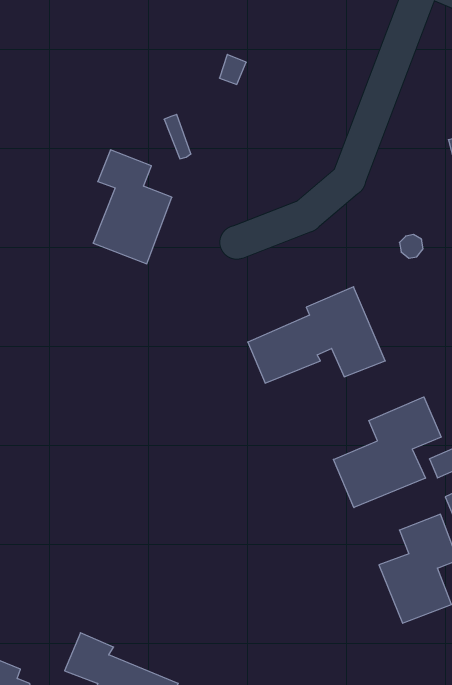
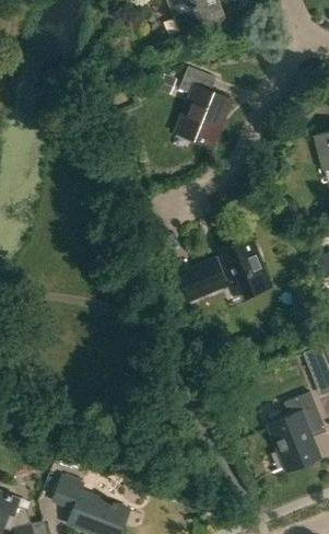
building: [93,150,172,264] -> [177,68,232,147]
building: [333,397,441,508] -> none

